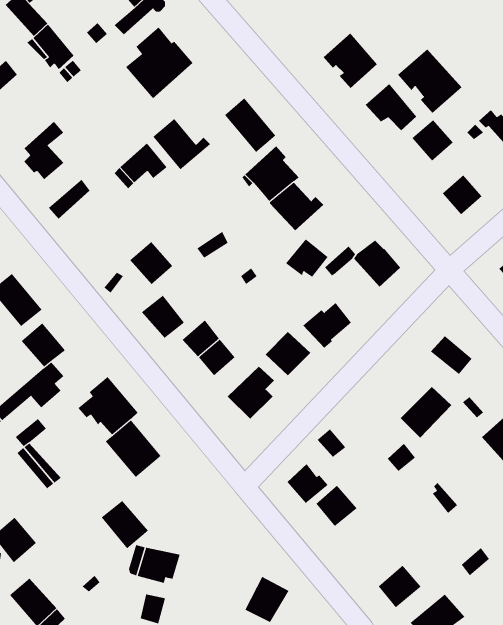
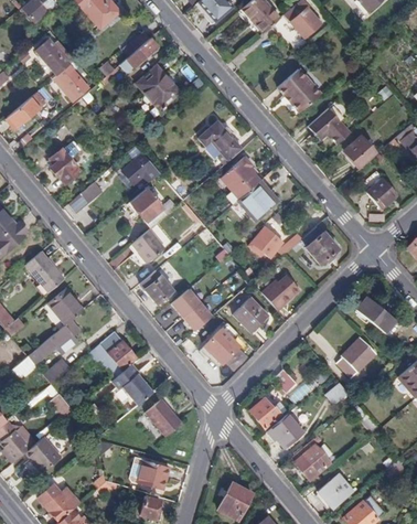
building: [397,48,463,114] -> none
building: [153,118,211,170] -> [129,185,173,225]
building: [101,500,149,549] -> [145,399,181,437]
building: none -> [295,443,330,479]

